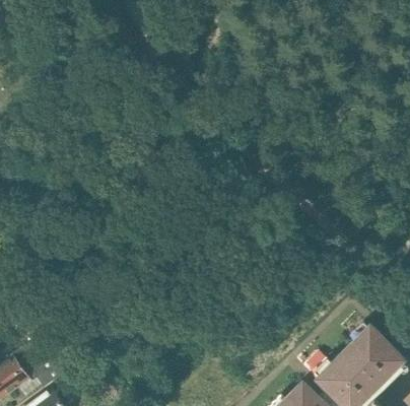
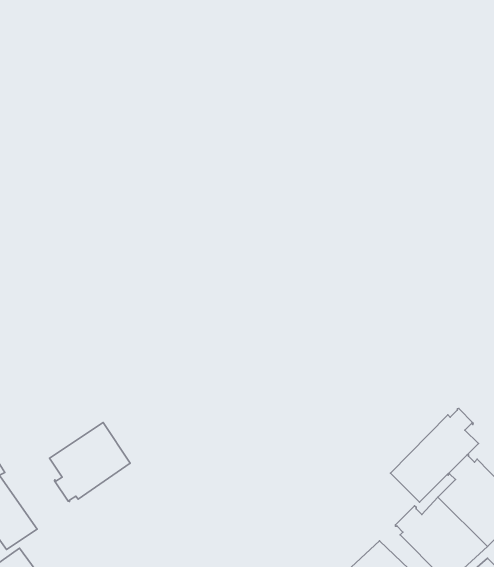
building: none -> [391,408,478,502]
building: none -> [50,423,130,502]

